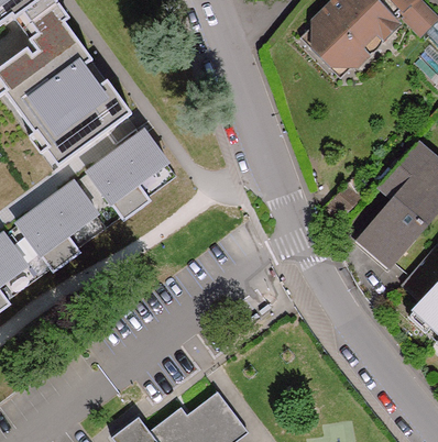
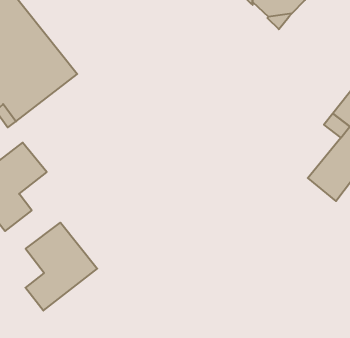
building: [85,133,165,223] -> none
building: none -> [25,223,97,311]

